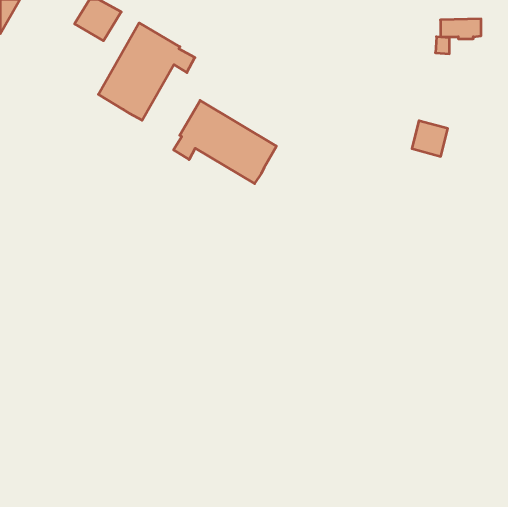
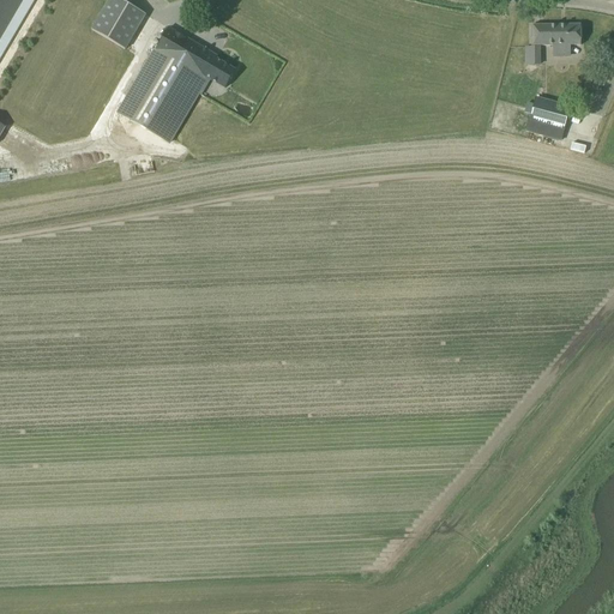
building: [174,100,276,184] -> none
building: [412,121,448,156] -> [526,96,570,139]

